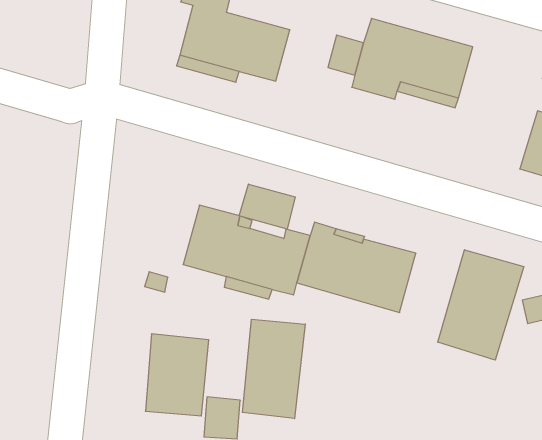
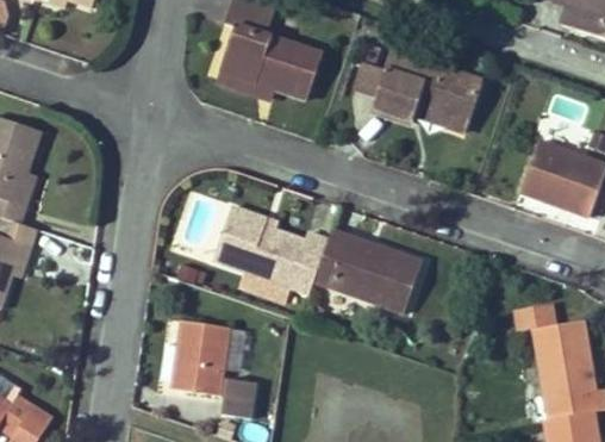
building: [239,184,295,229] -> none
building: [438,250,524,360] -> none
building: [242,319,305,419] -> none

